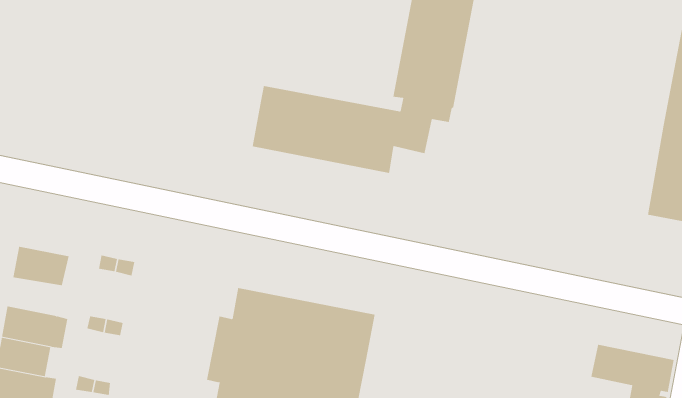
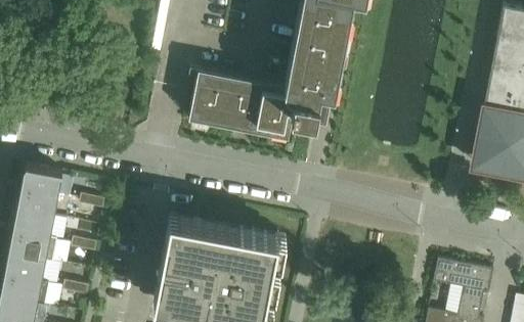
building: none -> [21,167,62,196]
building: none -> [13,212,53,239]

